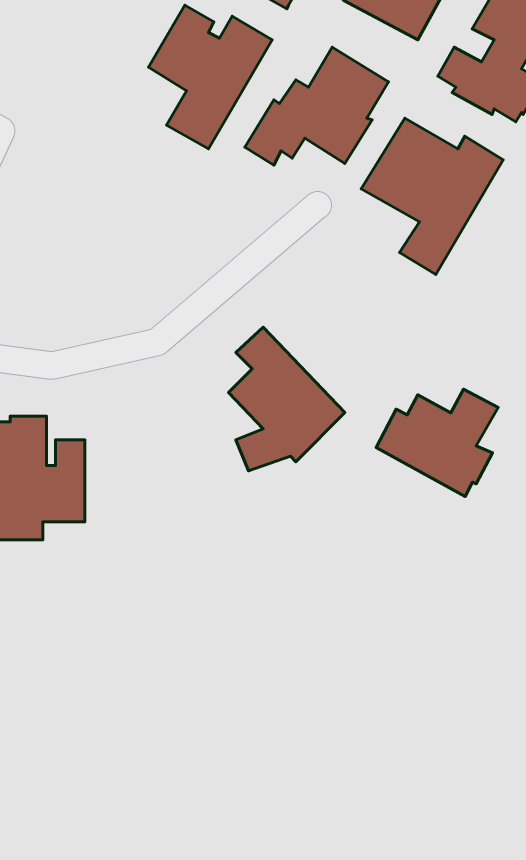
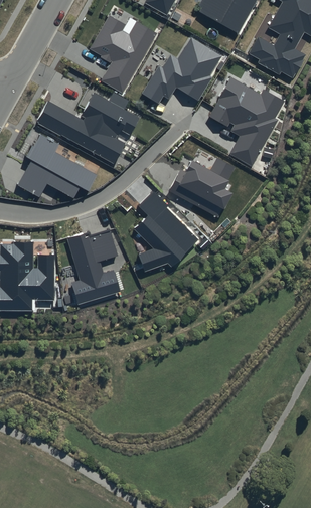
building: none -> [37,93,140,164]
building: none -> [16,134,97,195]
building: [376,389,498,497] -> [169,158,237,217]
building: none -> [66,229,120,304]

